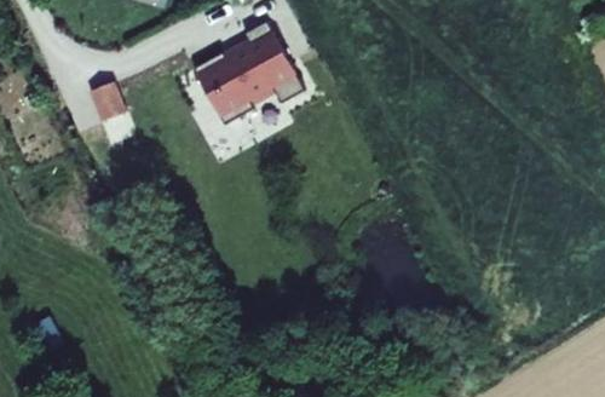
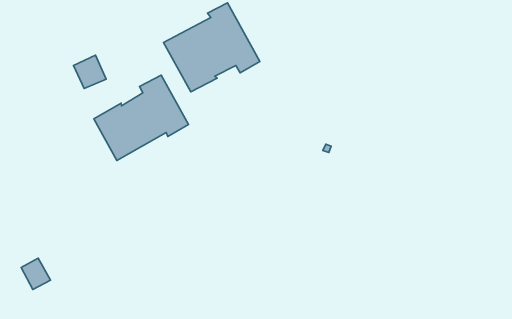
building: none -> [94,75,188,160]

